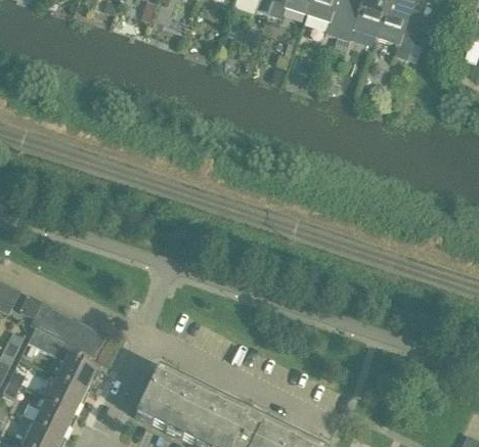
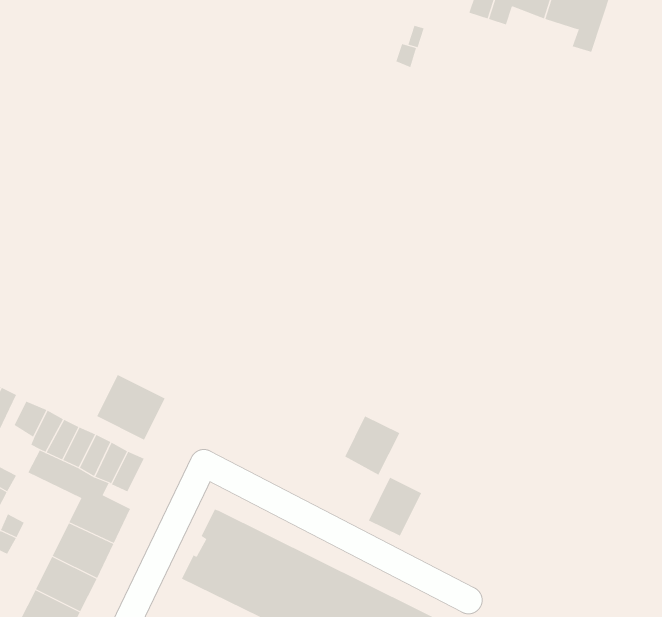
building: none -> [96,374,165,441]
building: none -> [344,415,400,476]
building: none -> [368,477,422,536]

